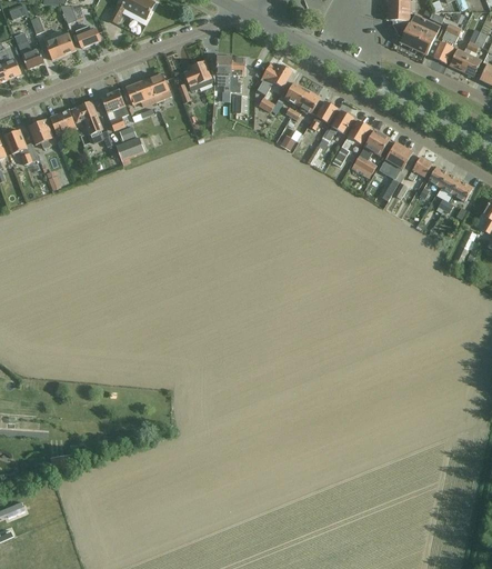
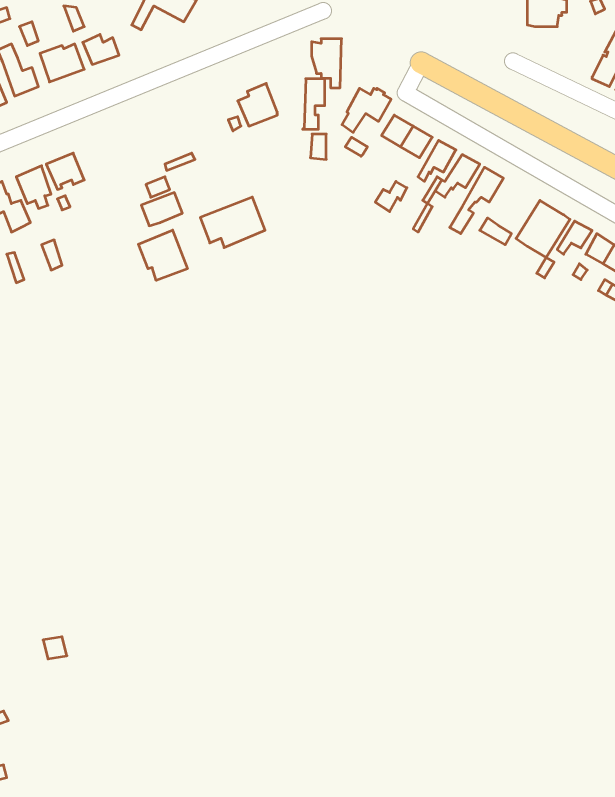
building: [392,13,440,56] -> none
building: [210,57,231,91] -> [312,39,342,88]
building: [125,72,171,108] -> [200,197,265,248]
building: [100,89,129,130] -> none
building: [71,100,102,133] -> none
building: [359,129,389,160] -> none
building: none -> [138,230,187,280]

